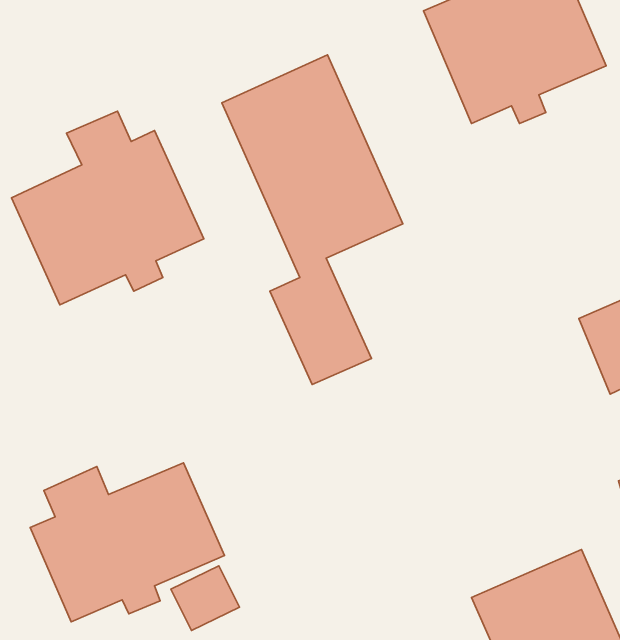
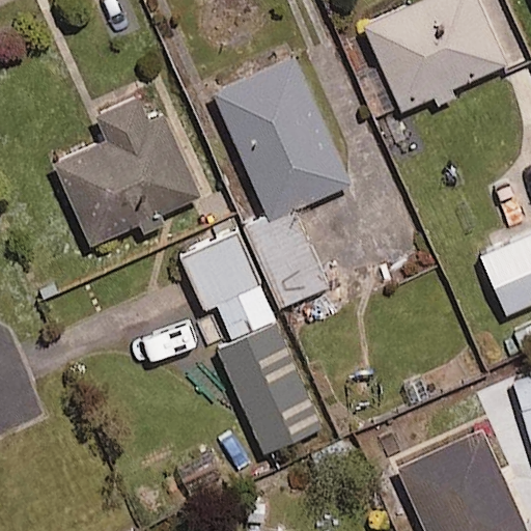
building: none -> [184,234,320,452]
building: [30,463,225,622] -> none

